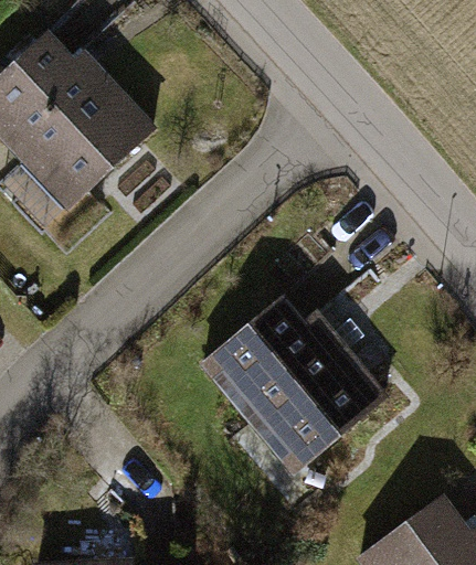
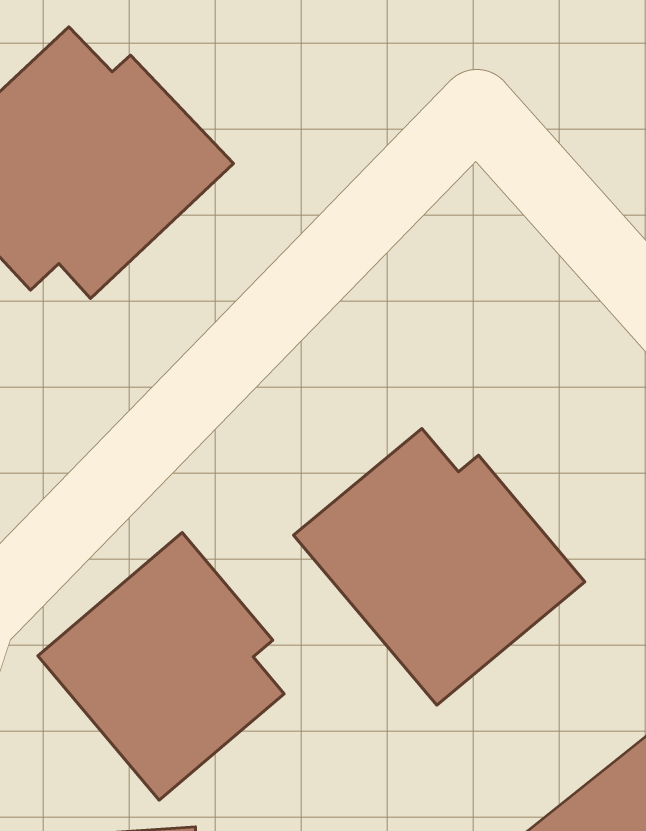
building: none -> [38,533,284,800]

